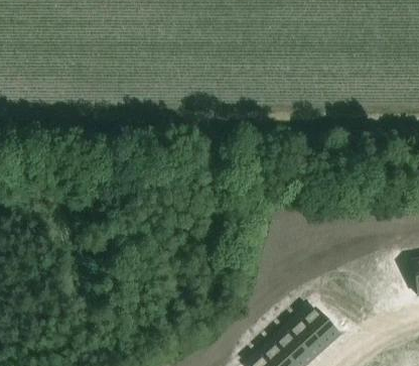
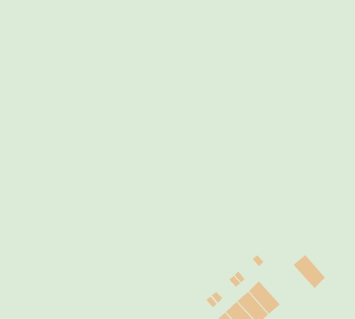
building: [304,308,341,347] -> [293,254,326,289]

